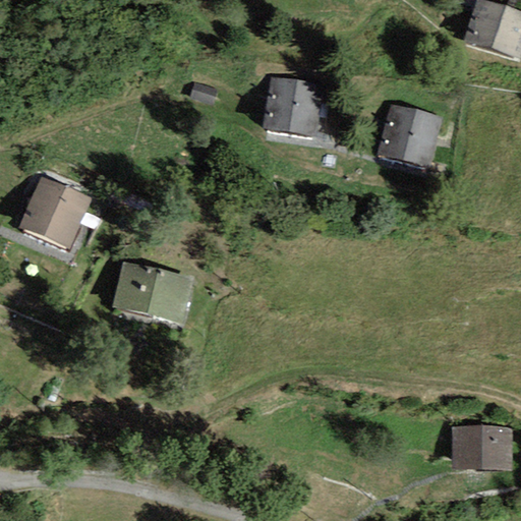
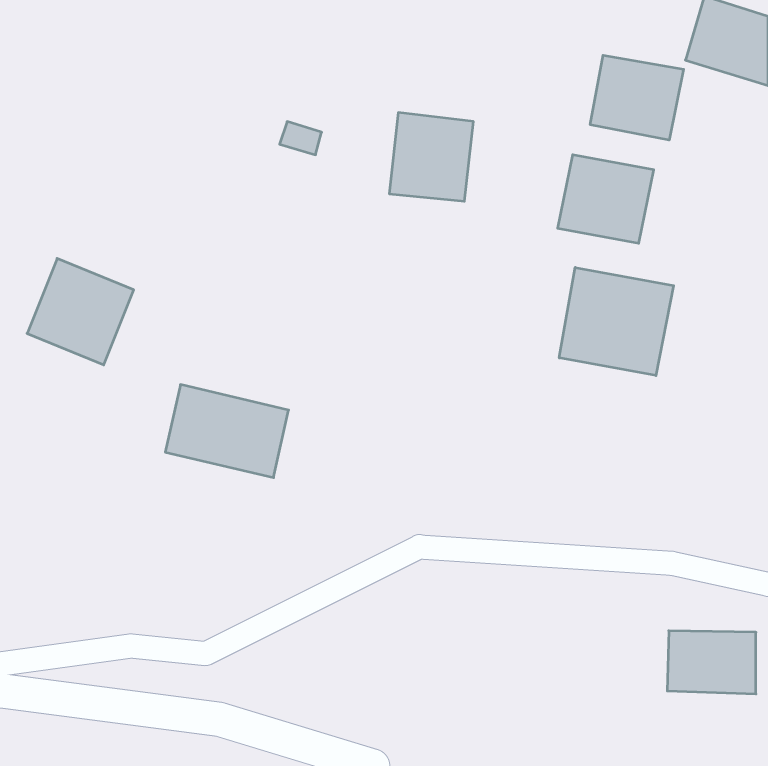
building: none -> [590,55,684,140]
building: none -> [559,267,674,376]

